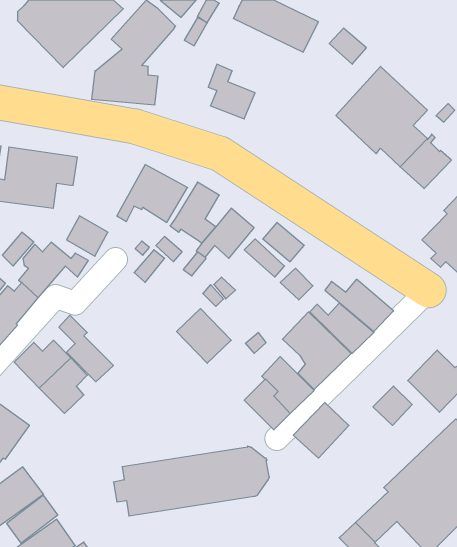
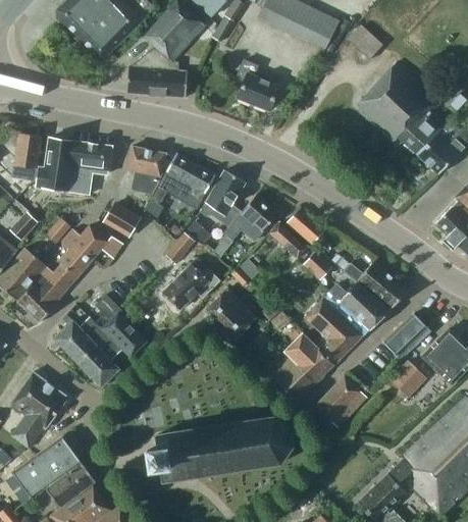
building: none -> [125,147,165,195]
building: none -> [162,265,219,309]
building: none -> [382,313,429,360]

